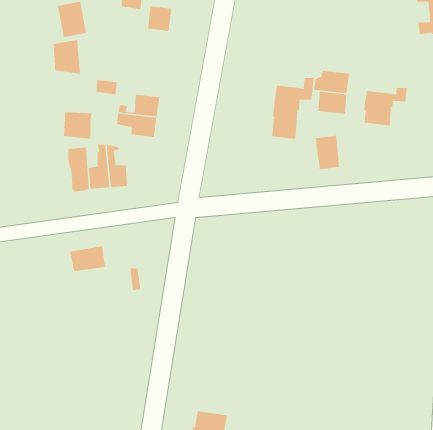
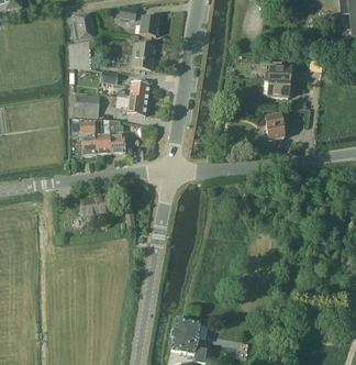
building: none -> [133,43,154,69]
building: [272,77,315,139] -> none
building: [363,87,408,126] -> none

